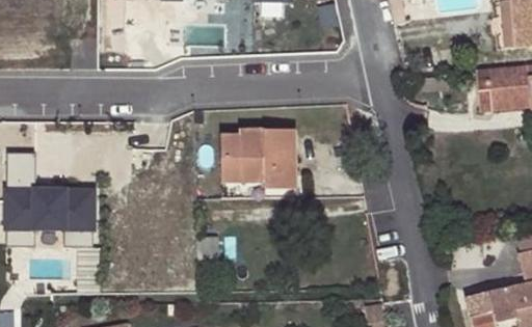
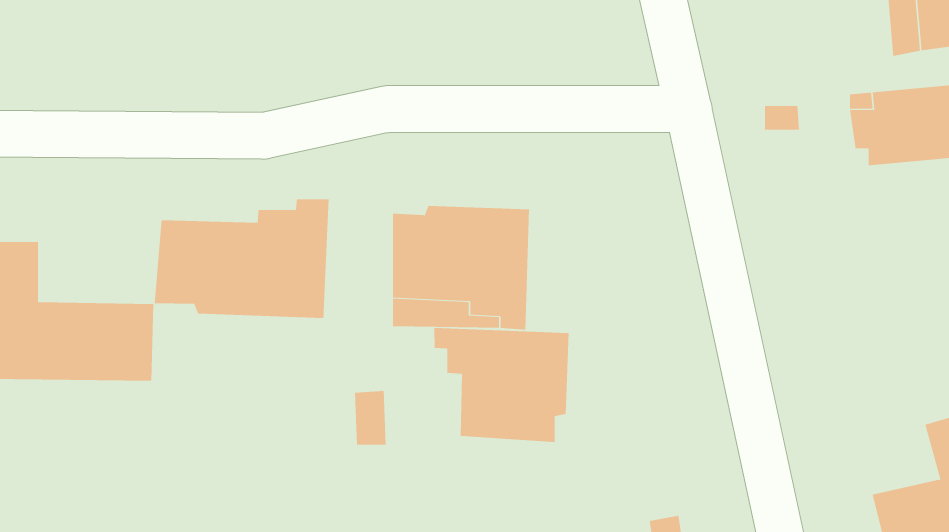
building: none -> [154,198,329,319]
building: none -> [434,327,569,443]

